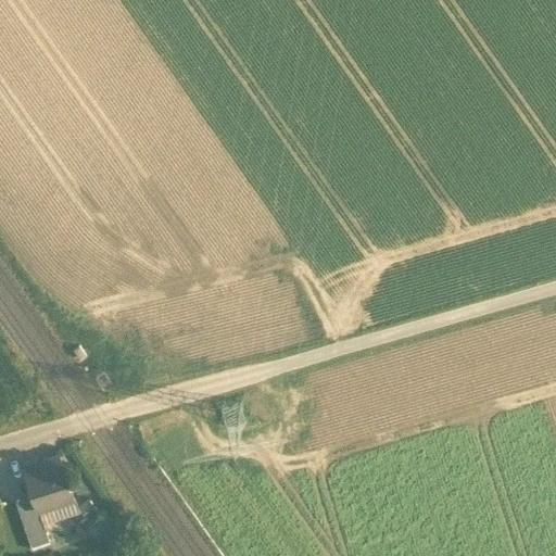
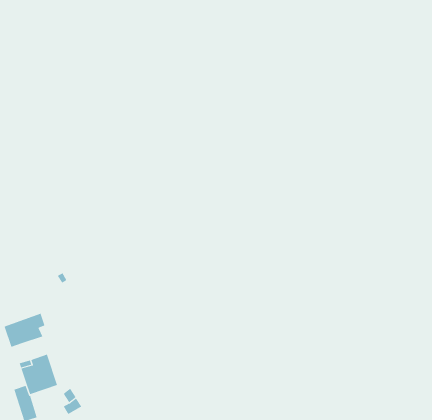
building: none -> [4,313,45,348]

